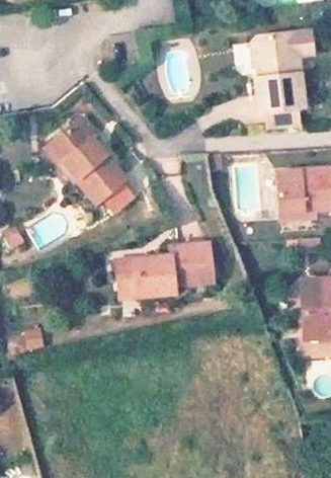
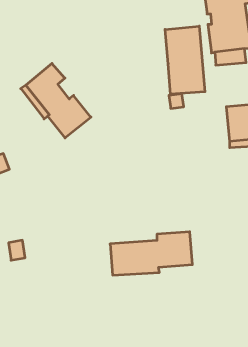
building: none -> [165,26,205,94]
building: [118,247,215,298] -> [110,232,192,275]

